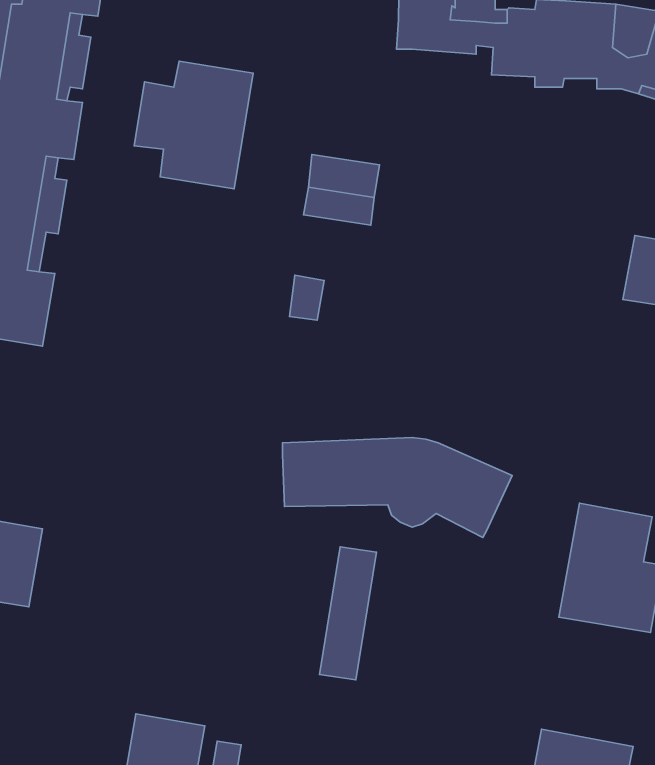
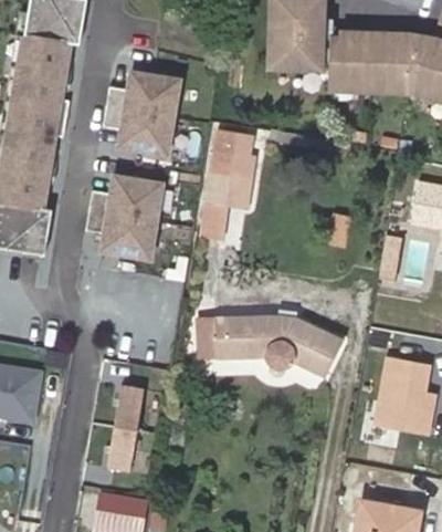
building: none -> [206,170,253,209]
building: none -> [85,176,160,258]
building: [320,547,377,680] -> [107,385,144,470]

